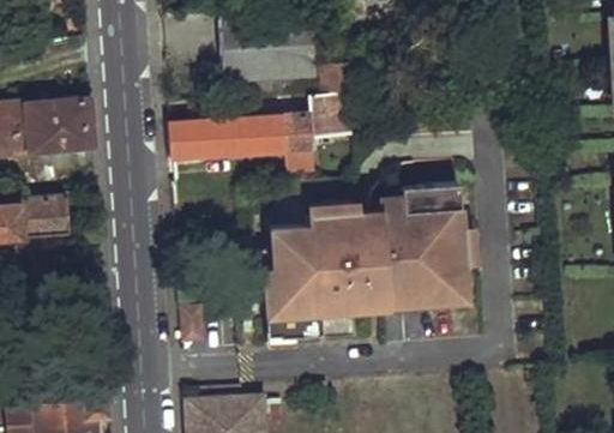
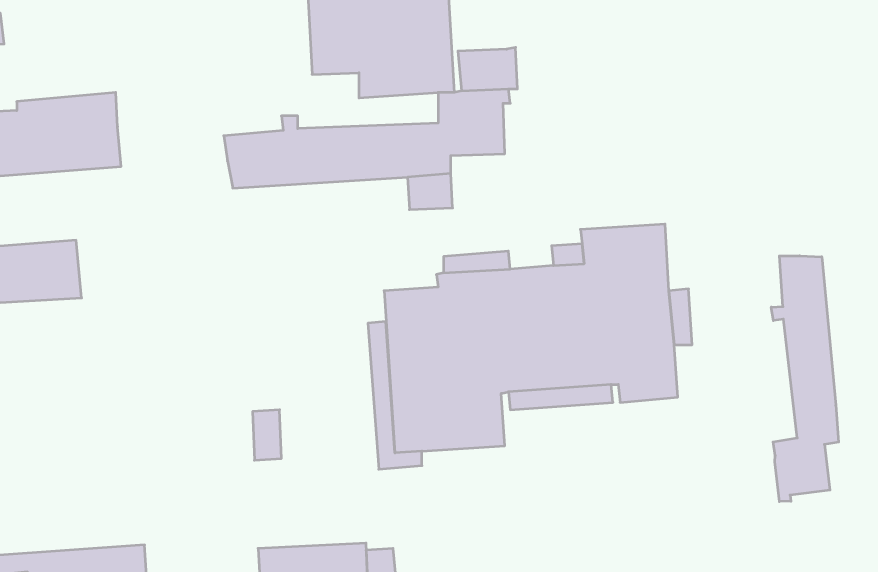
building: none -> [771,256,839,502]

